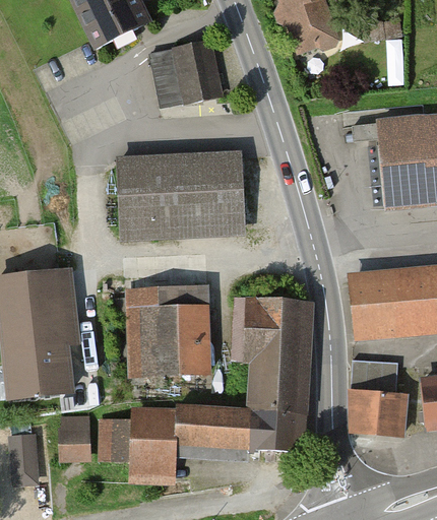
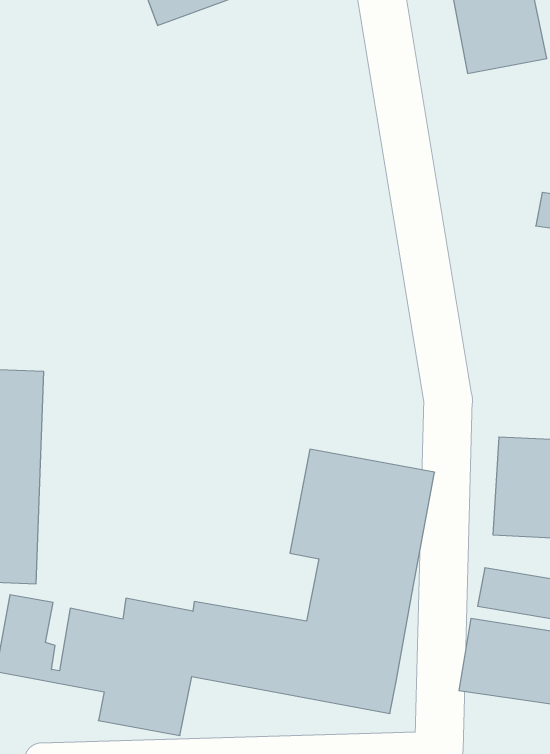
building: [150,41,221,106] -> none
building: [118,147,246,229] -> none
building: [127,284,212,375] -> none

